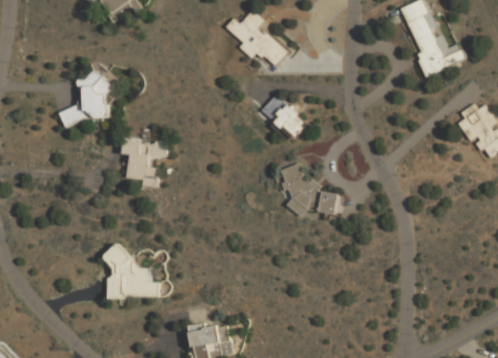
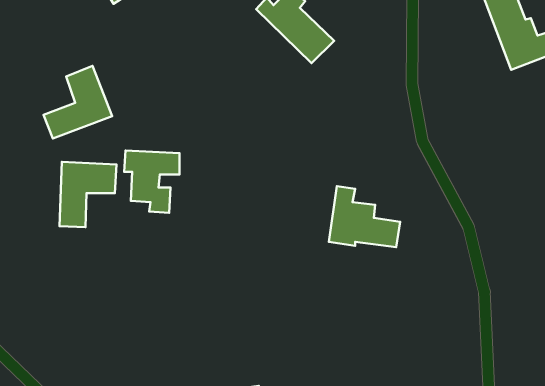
building: [260,92,307,139] -> none
building: none -> [60,162,116,227]
building: [107,248,158,297] -> none

